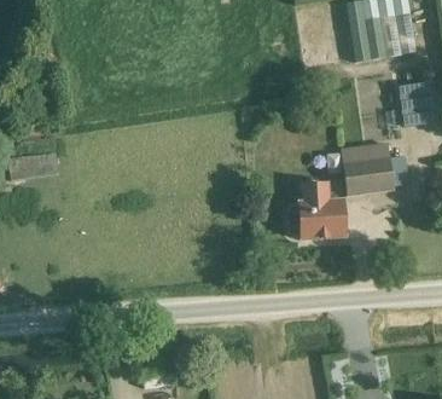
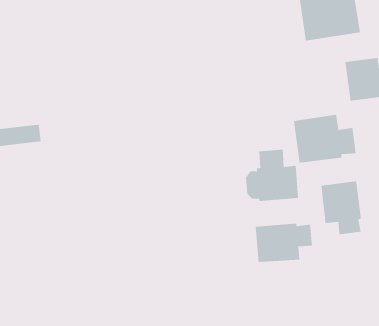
building: none -> [321,181,362,235]
building: none -> [255,223,312,263]

